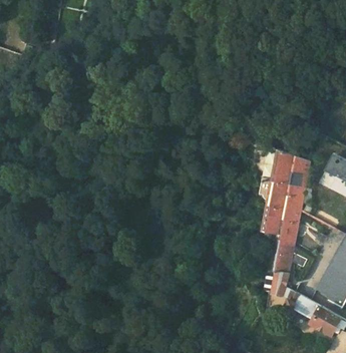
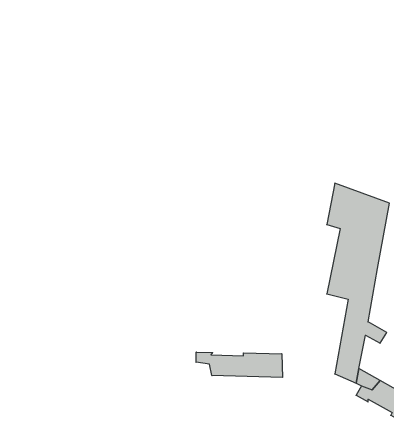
building: none -> [196,352,282,377]

